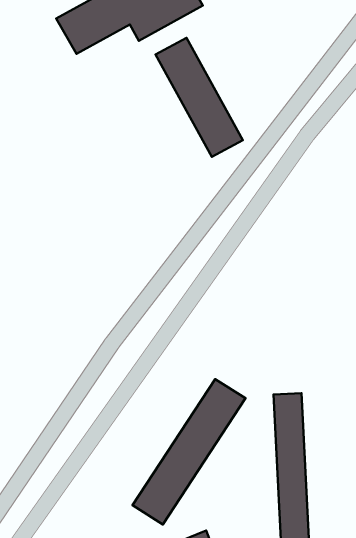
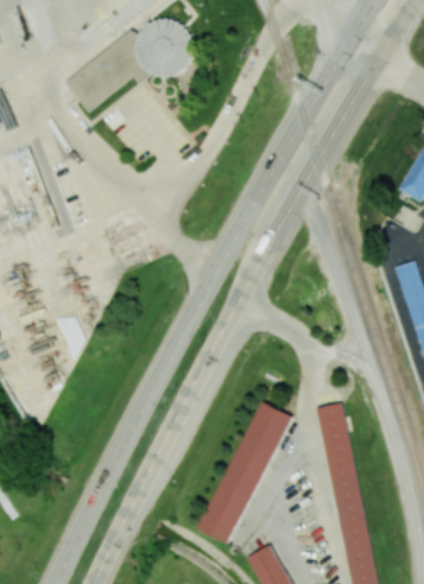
building: [156,38,243,157] -> none

